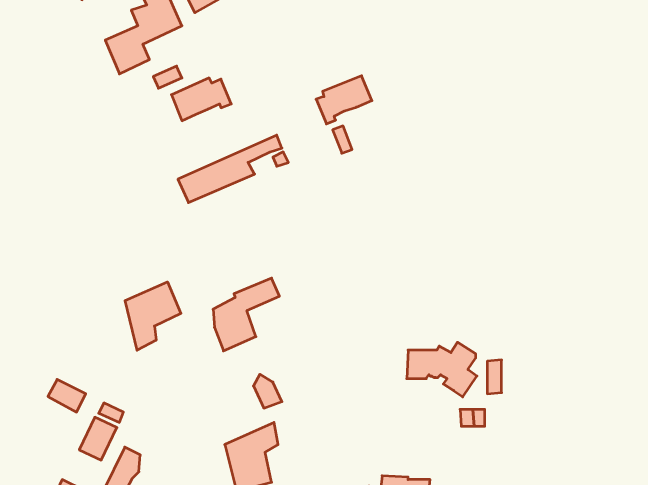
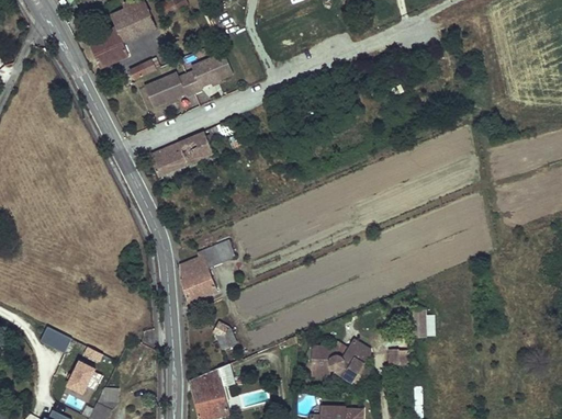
building: [316,76,372,124] -> [187,53,234,93]
building: [125,282,181,350] -> none
building: [407,342,477,397] -> [313,341,372,387]

